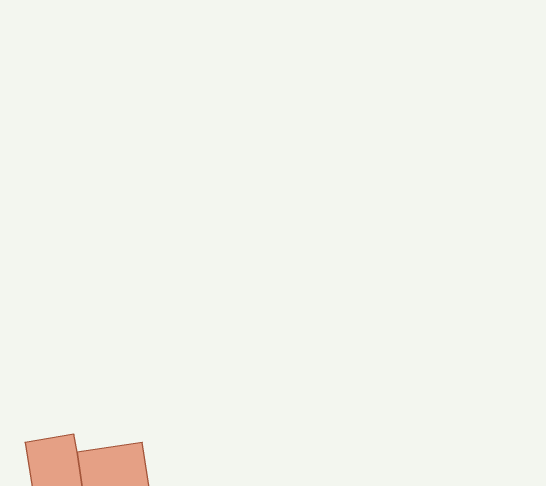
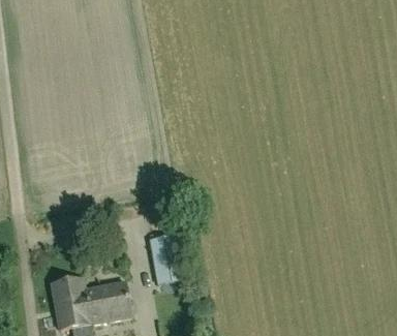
building: none -> [151,236,180,269]

